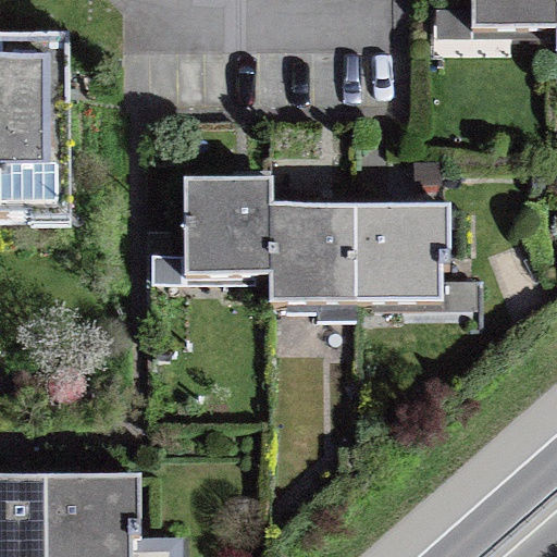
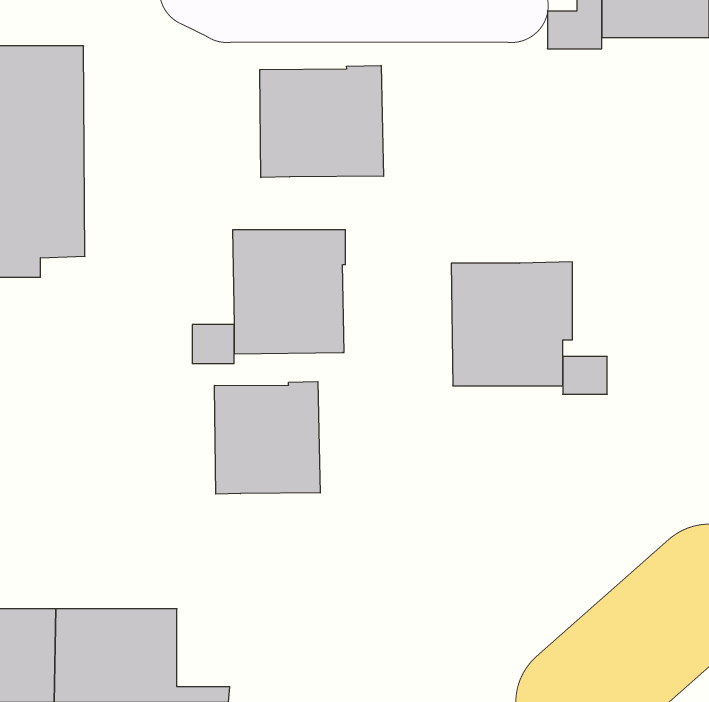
building: none -> [260,65,384,178]
building: [268,206,354,302] -> none
building: none -> [215,382,320,494]

